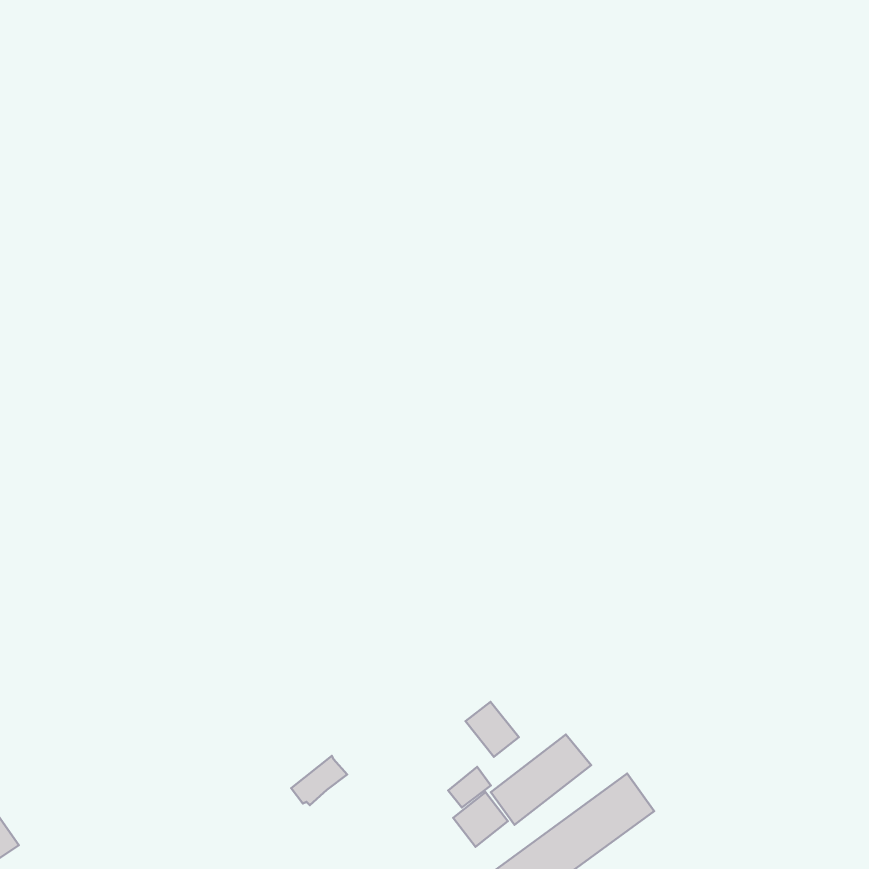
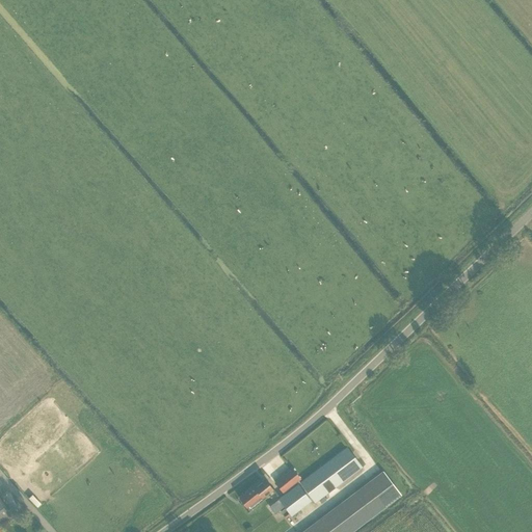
building: [466,702,519,757] -> none
building: [291,756,347,805] -> [238,479,272,509]

